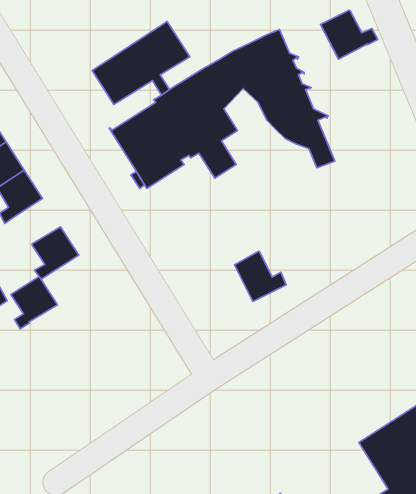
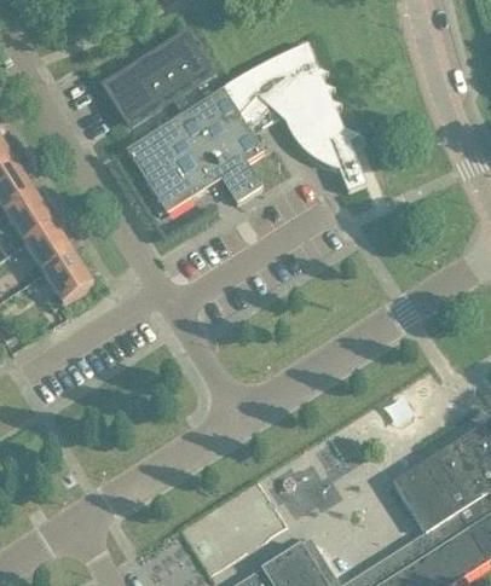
building: [320,10,378,59] -> none
building: [234,251,286,301] -> none
building: [11,276,57,329] -> [24,221,74,277]

